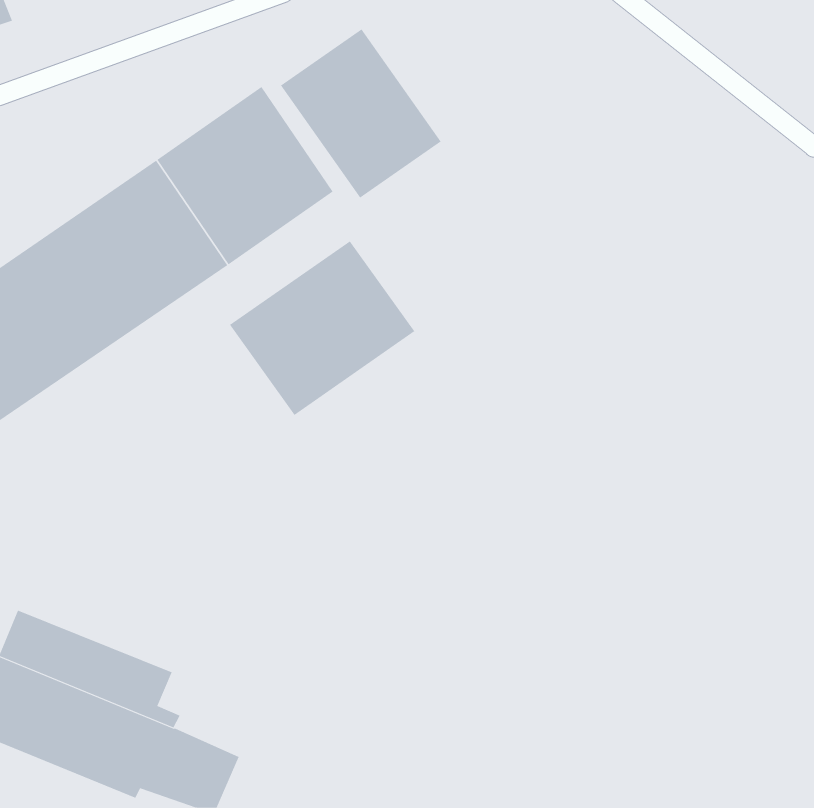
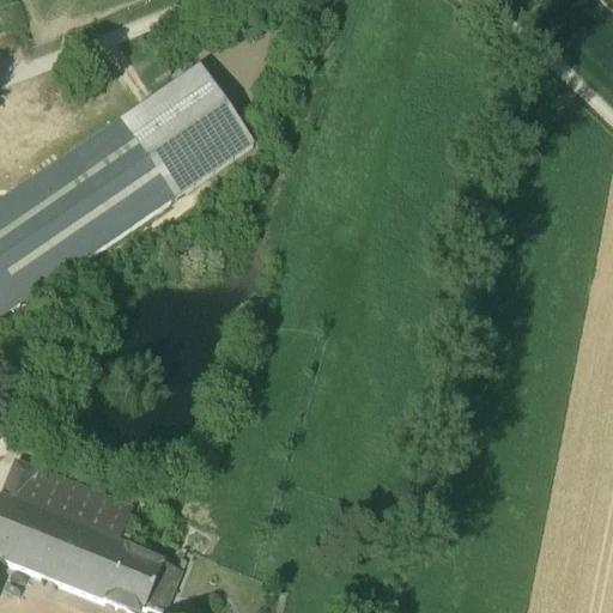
building: [280,29,442,198] -> none
building: [229,241,415,416] -> none

